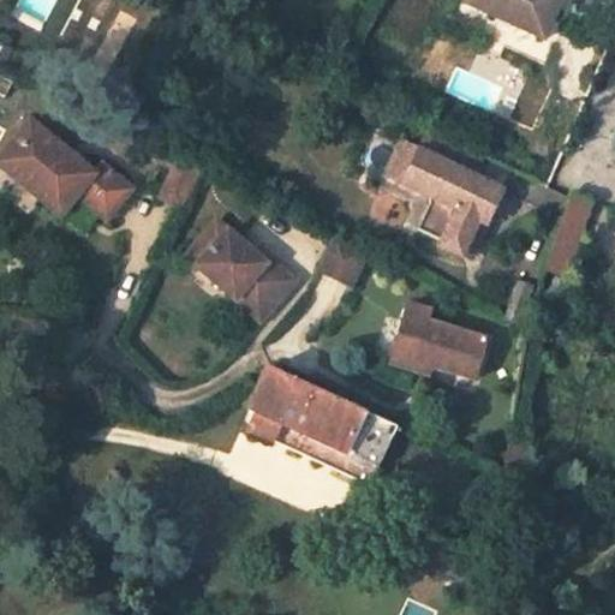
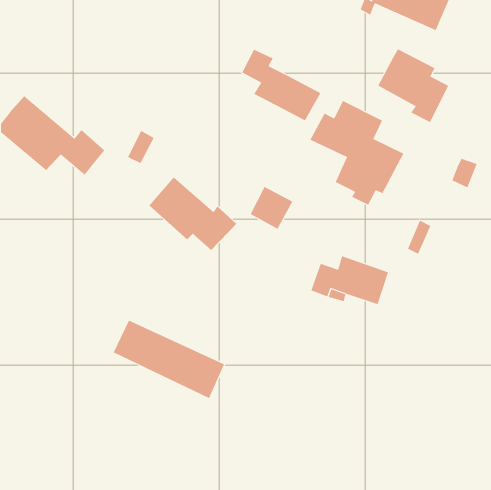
building: none -> [377,48,449,123]
building: none -> [241,49,321,121]
building: [249,368,388,466] -> [113,320,225,399]

